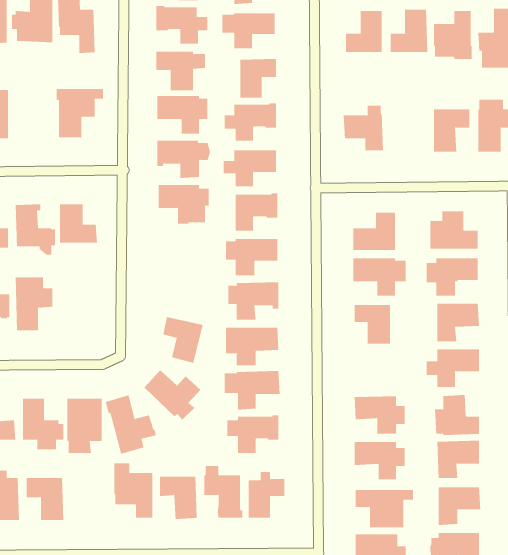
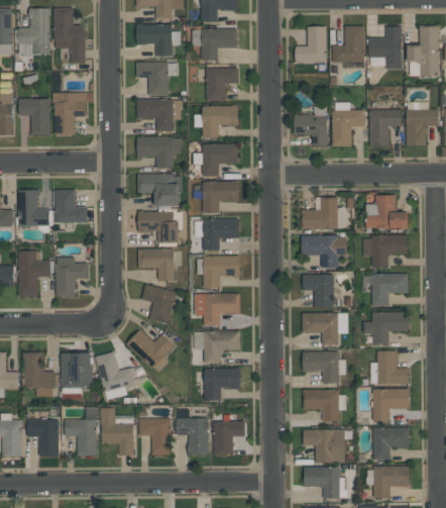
building: none -> [19,99,50,134]
building: none -> [332,102,364,146]
building: none -> [138,211,183,242]
building: none -> [138,248,182,281]
building: none -> [55,258,88,297]
building: none -> [303,313,348,345]
building: none -> [66,407,98,455]

